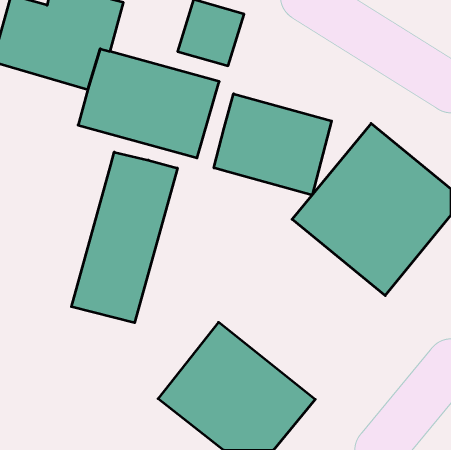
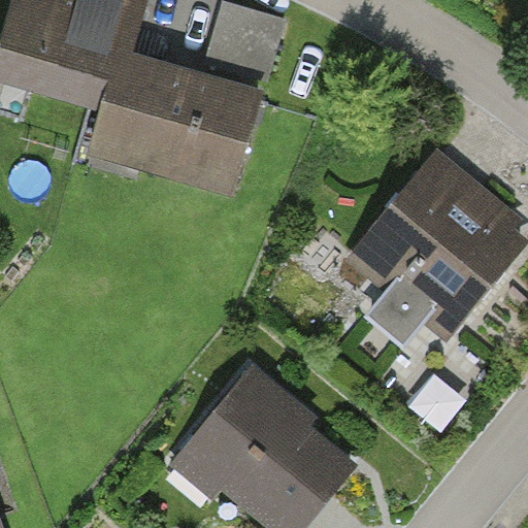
building: [214,94,332,195] -> none
building: [71,152,177,323] -> none

